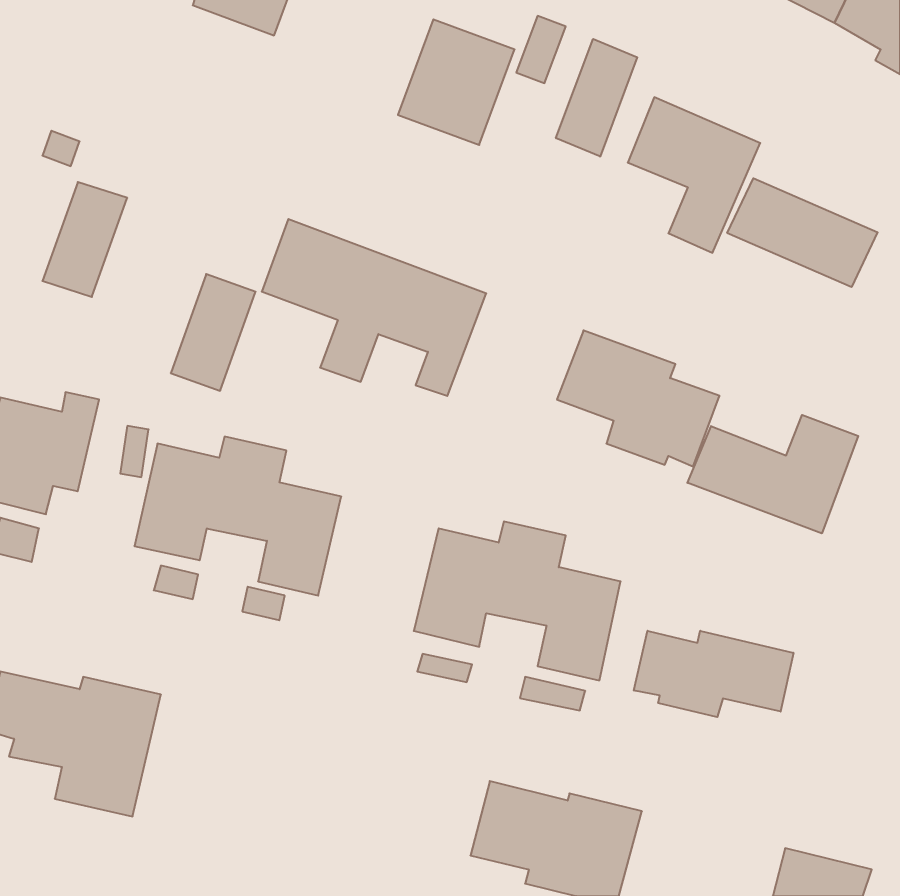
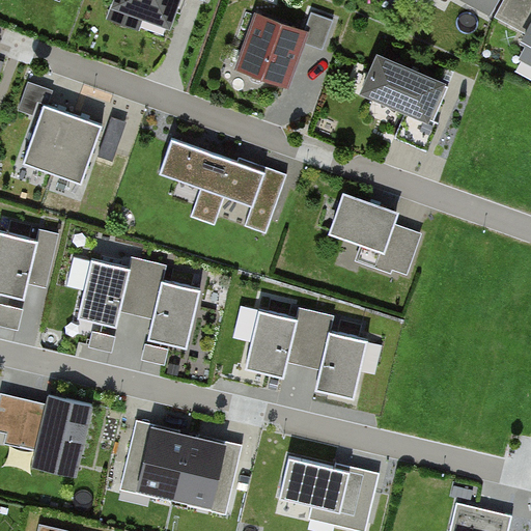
building: [556,39,637,157] -> none
building: [727,178,878,287] -> none
building: [171,274,256,391] -> [54,116,104,185]
building: [687,415,858,533] -> none
building: [634,631,793,717] -> none
building: none -> [121,421,240,512]

